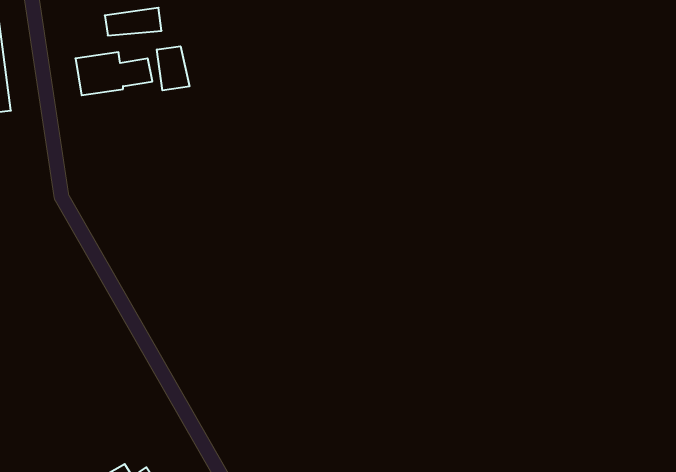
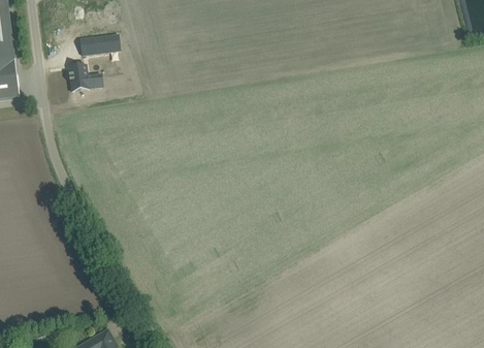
building: [157,46,189,90] -> none

